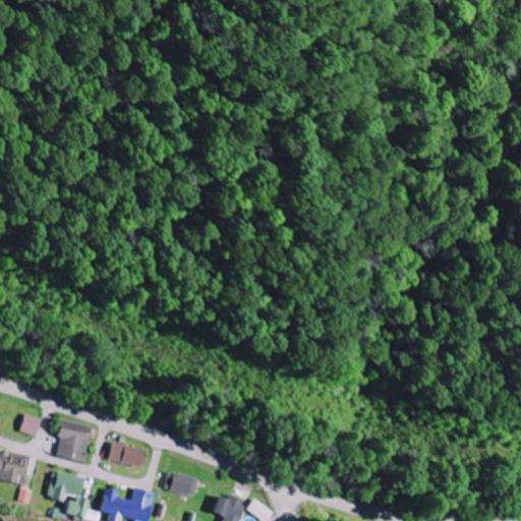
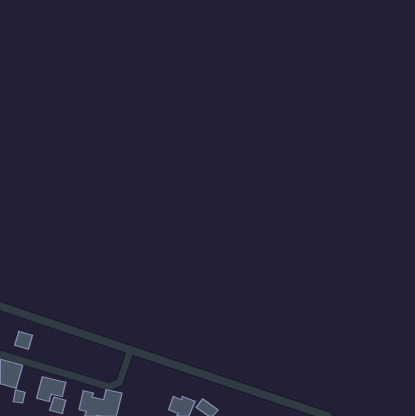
building: [55,419,92,462] -> none
building: [107,443,148,467] -> none
building: [163,471,197,496] -> none

